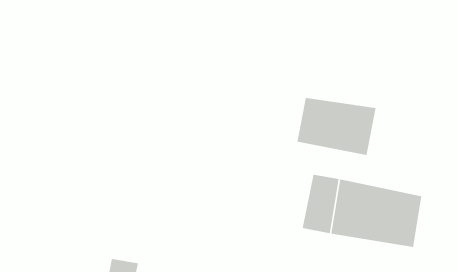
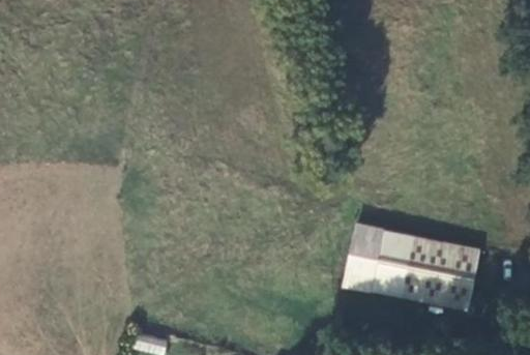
building: [297,97,376,156] -> none

